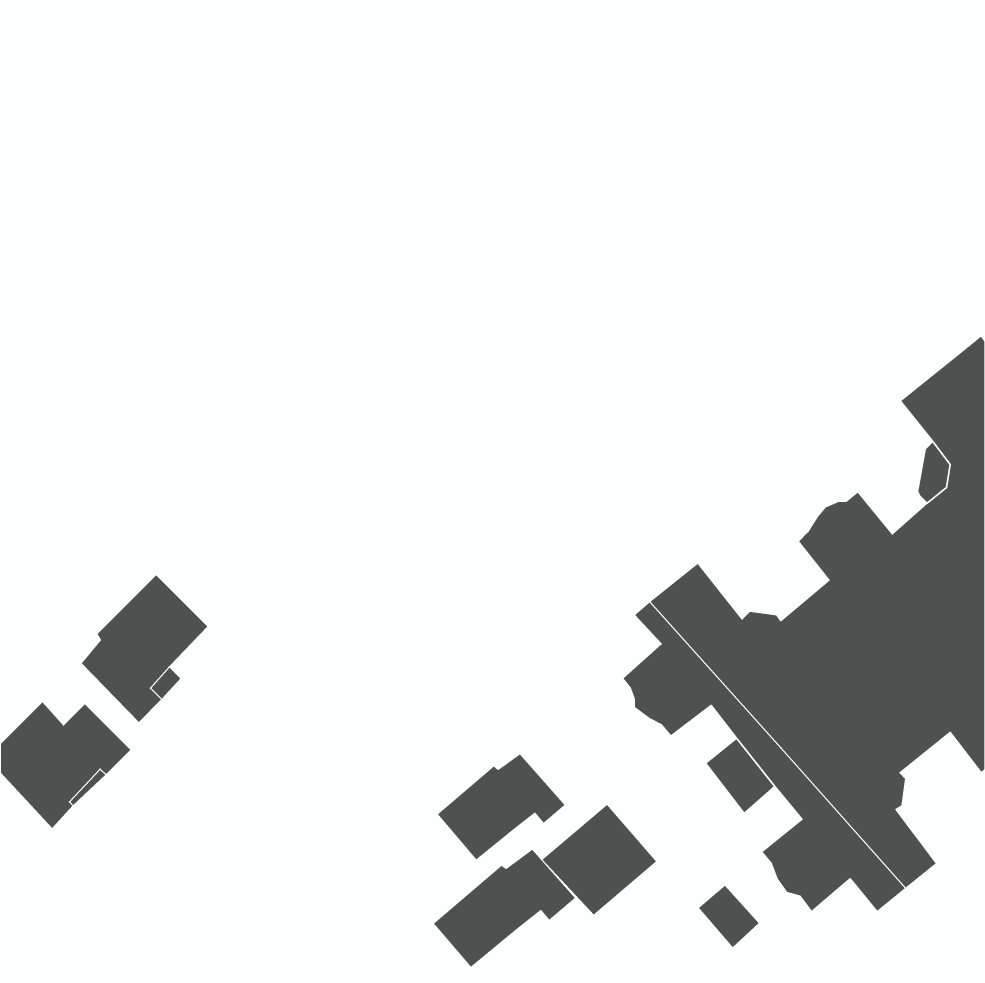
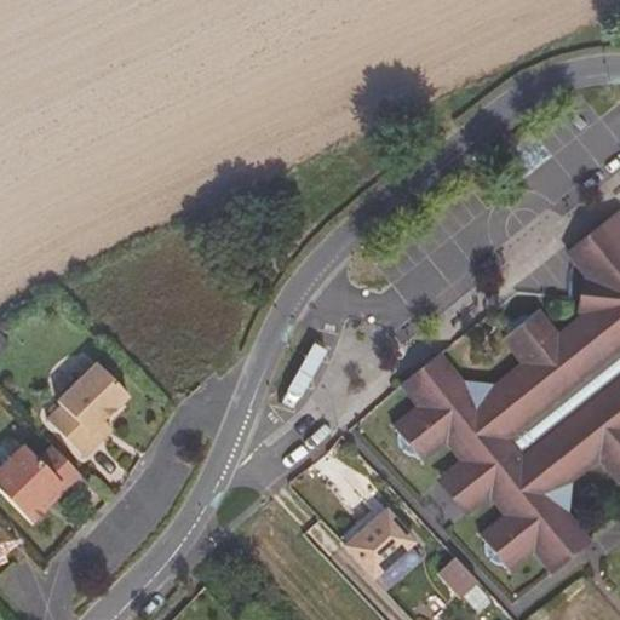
building: [437,754,566,860] -> none
building: [433,849,576,968] -> none

